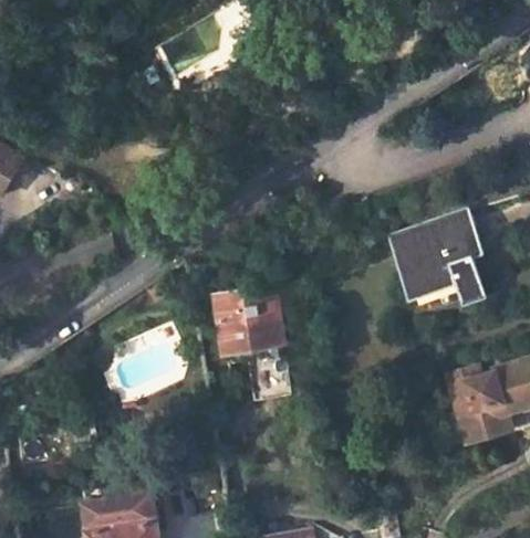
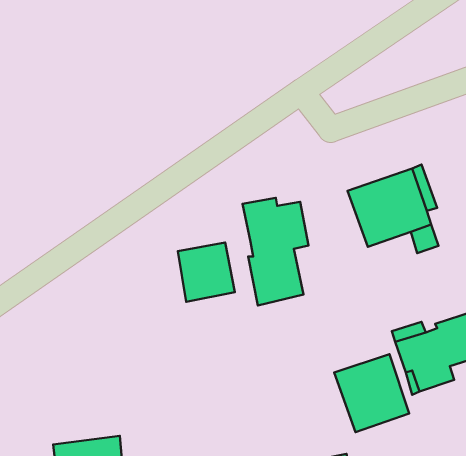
building: none -> [243,198,309,305]
building: none -> [334,354,409,432]

